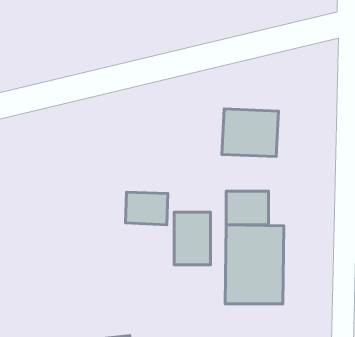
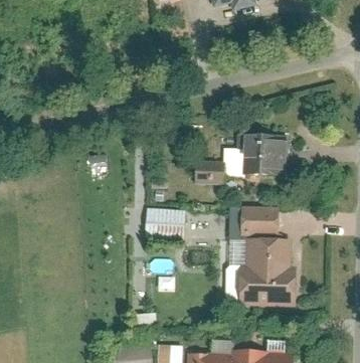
building: none -> [196,162,225,184]
building: [174,212,210,265] -> none

